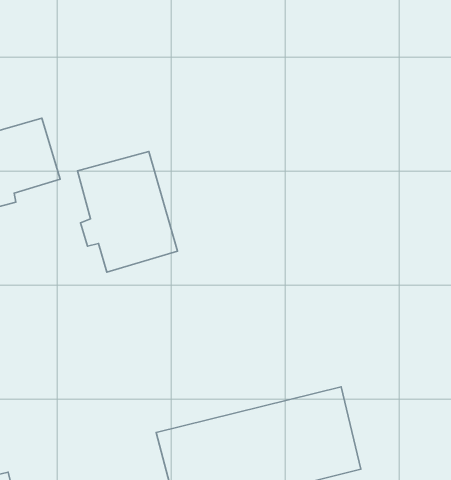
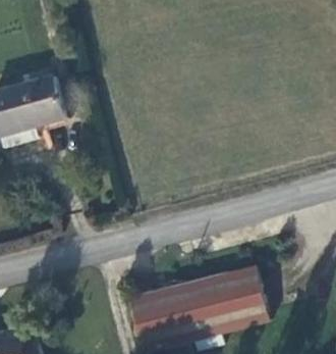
building: [77,151,178,272] -> none

